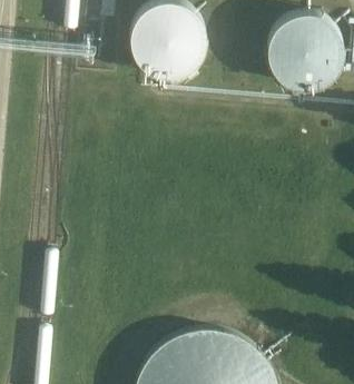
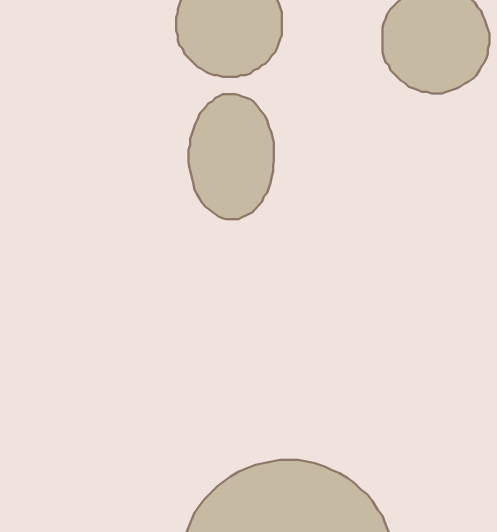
building: none -> [188,94,274,219]

